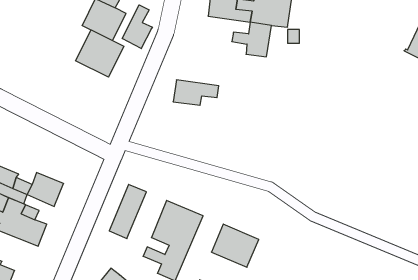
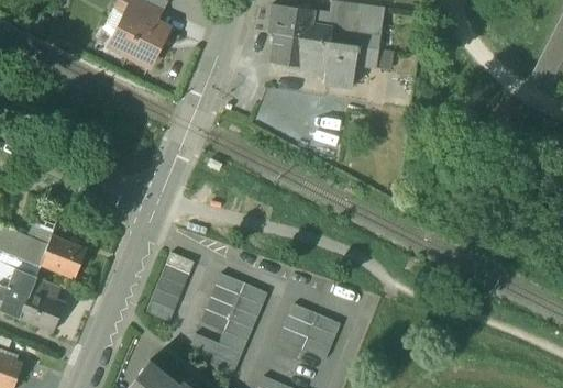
building: [122,5,152,49] -> none
building: [76,30,124,77] -> none
building: [173,80,219,105] -> [271,33,330,66]

